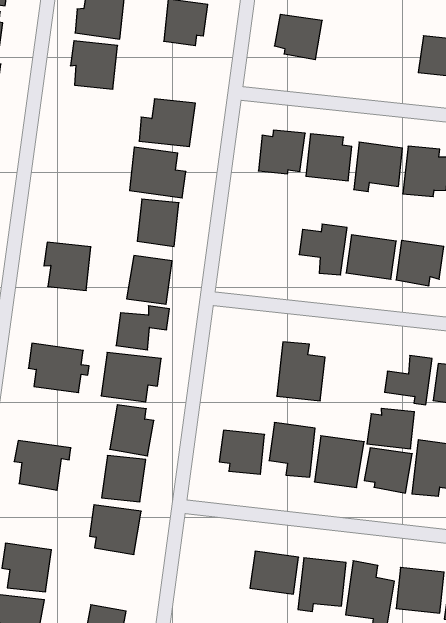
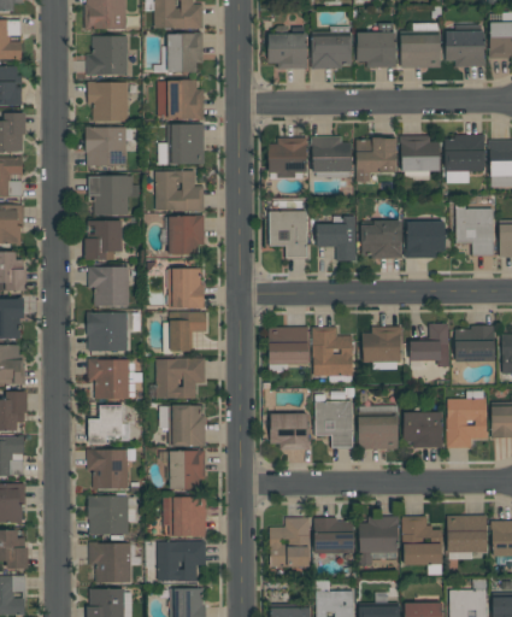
building: none -> [311,35,352,69]
building: none -> [357,33,395,69]
building: none -> [158,80,204,119]
building: none -> [86,128,126,166]
building: none -> [89,176,136,215]
building: none -> [86,221,120,260]
building: none -> [269,211,306,257]
building: none -> [86,312,126,352]
building: none -> [267,327,307,365]
building: none -> [88,405,129,445]
building: [367,408,414,449] -> [361,327,401,362]
building: none -> [88,496,136,535]
building: none -> [269,517,310,568]
building: none -> [157,541,205,582]

